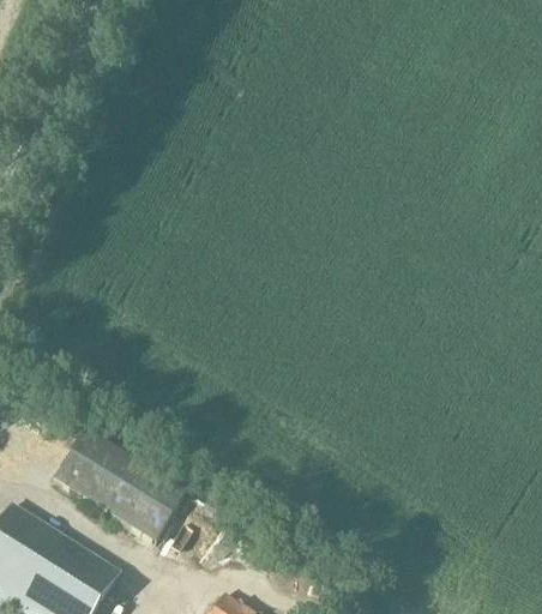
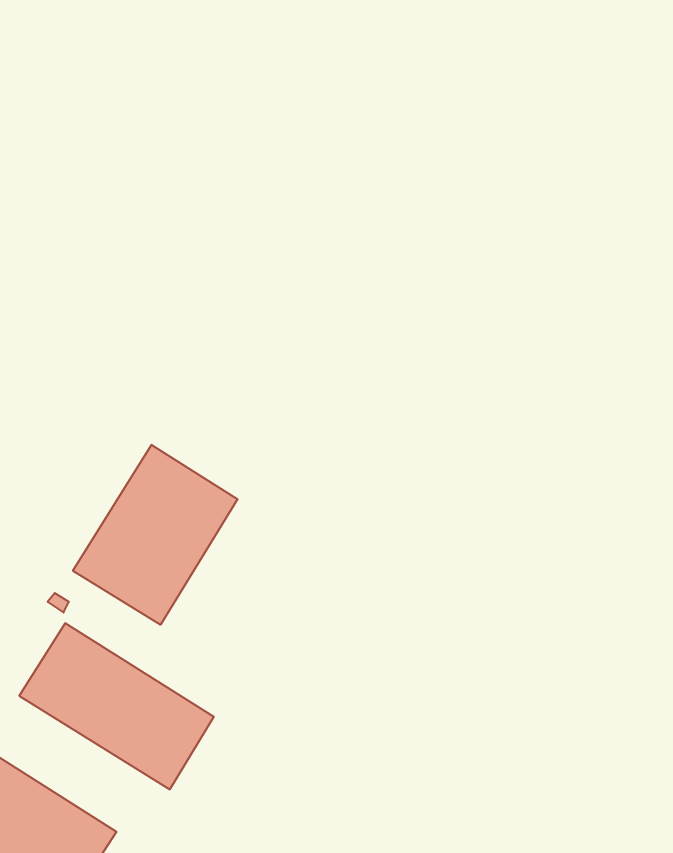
building: none -> [73,445,238,625]

